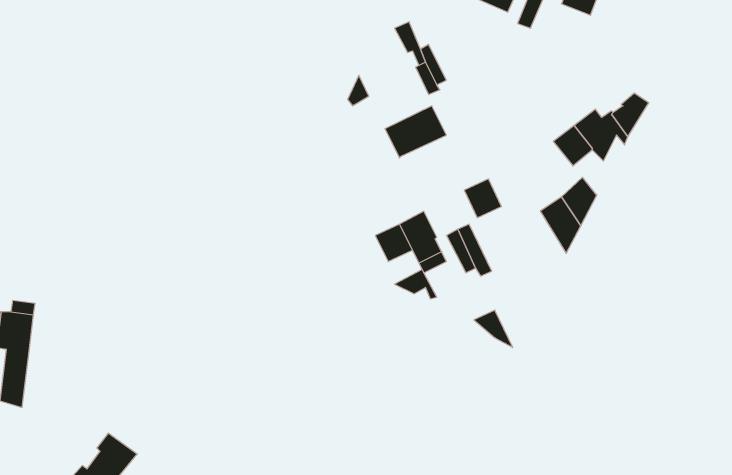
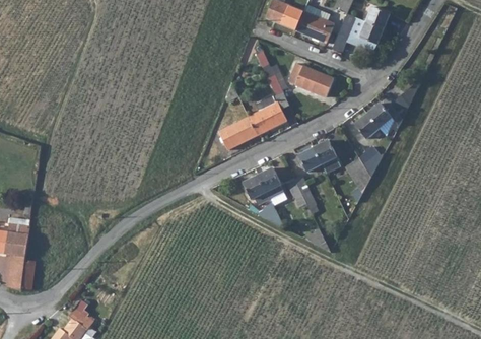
building: none -> [288,62,334,96]
building: none -> [218,116,258,149]
building: none -> [314,139,341,174]

